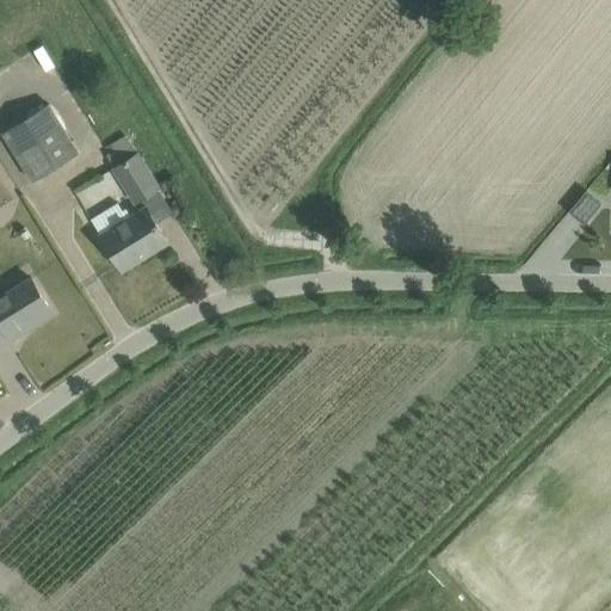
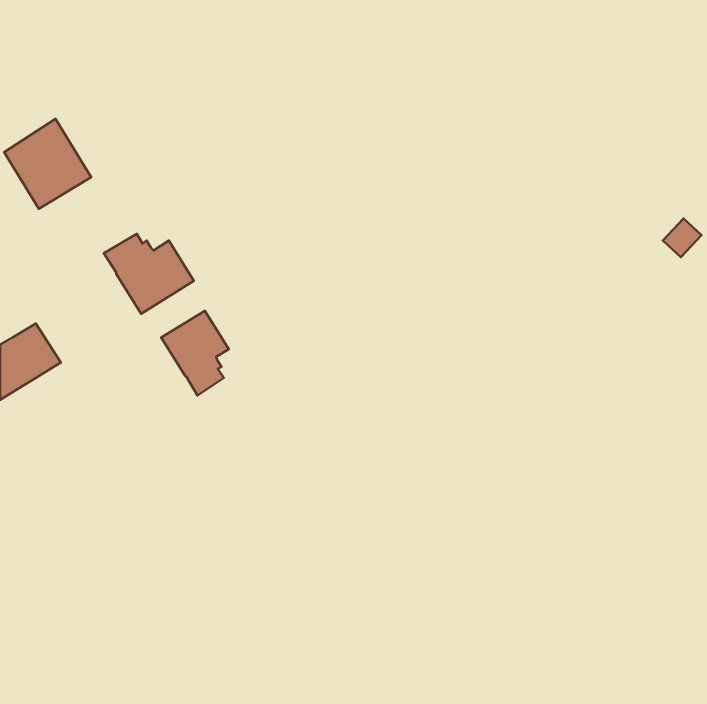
building: [105,137,158,205] -> none
building: none -> [161,311,229,395]

